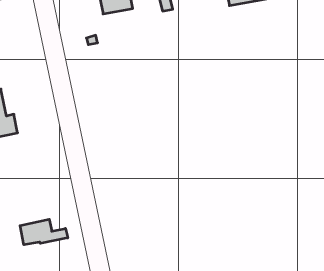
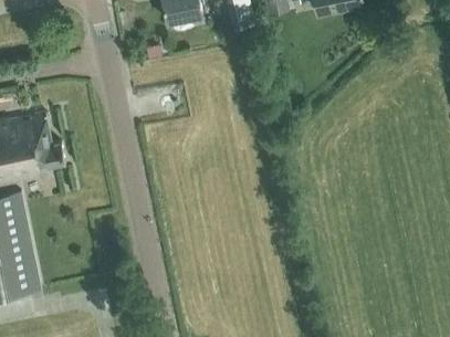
building: [20,219,68,245] -> none

